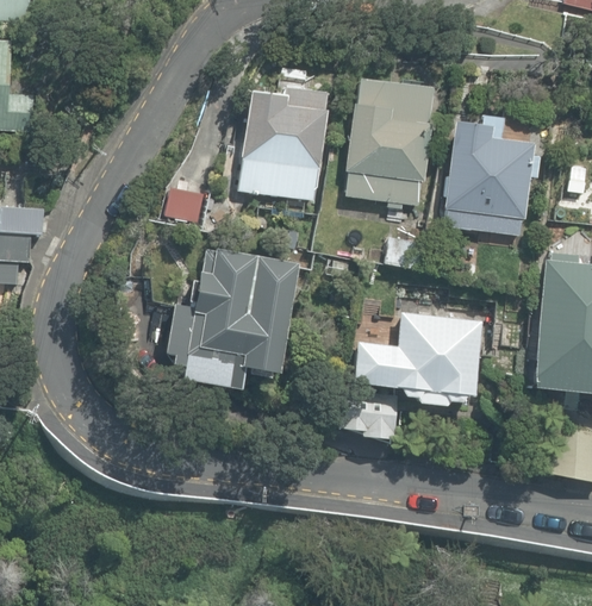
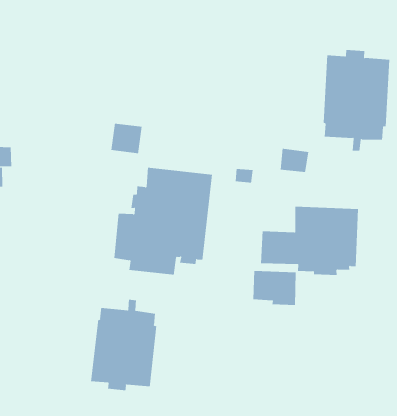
building: [345,79,432,208] -> none
building: [238,87,328,200] -> none
building: none -> [91,299,157,391]

